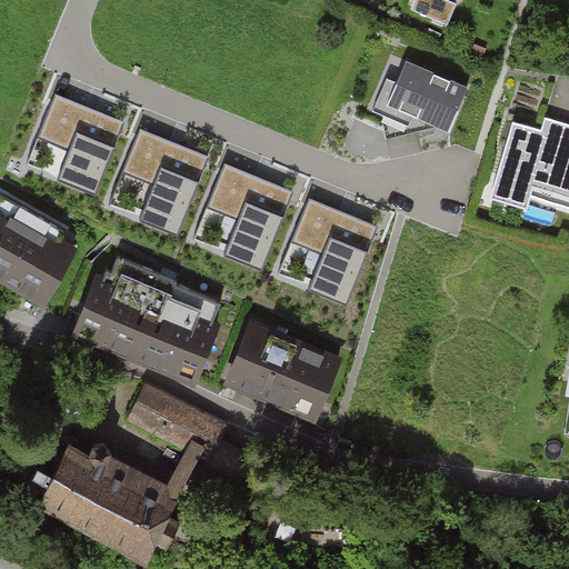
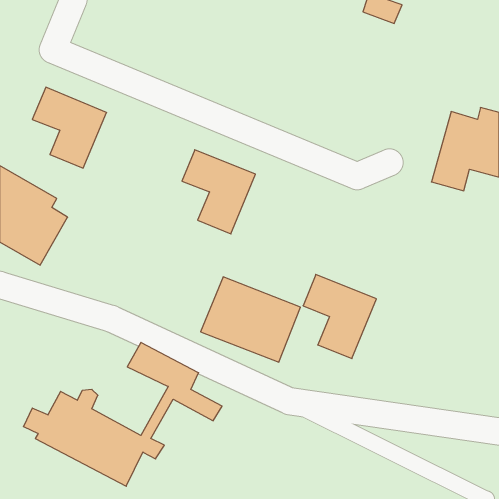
building: [372,67,469,143] -> none
building: [121,136,204,231] -> none
building: [291,204,375,300] -> [303,274,376,359]
building: [78,256,220,369] -> none

